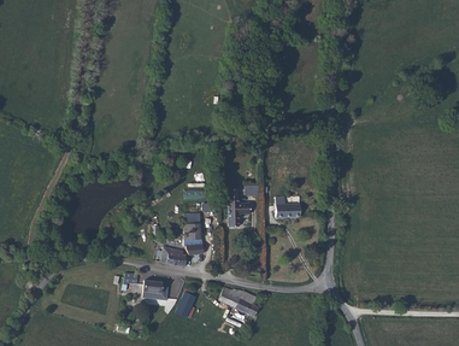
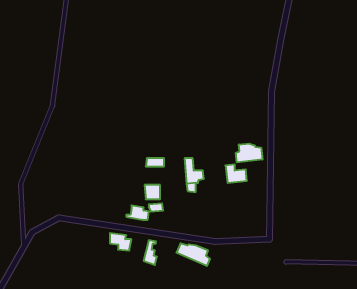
building: none -> [236,144,262,162]

